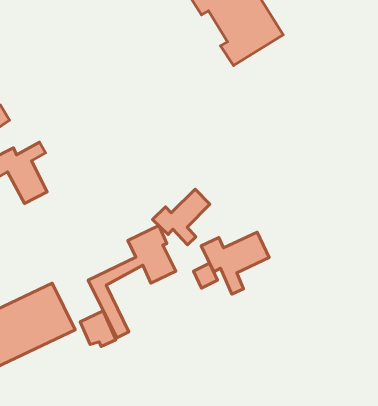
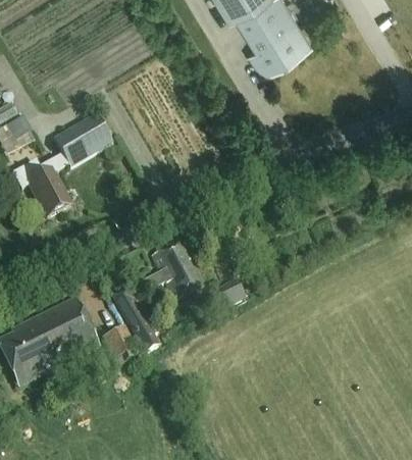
building: none -> [54,113,113,166]
building: [153,189,210,245] -> none
building: [201,232,269,294] -> none

